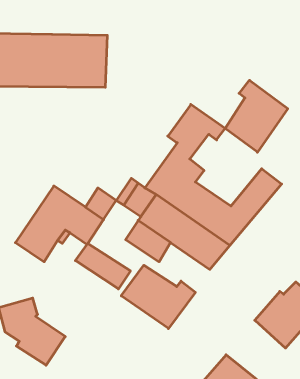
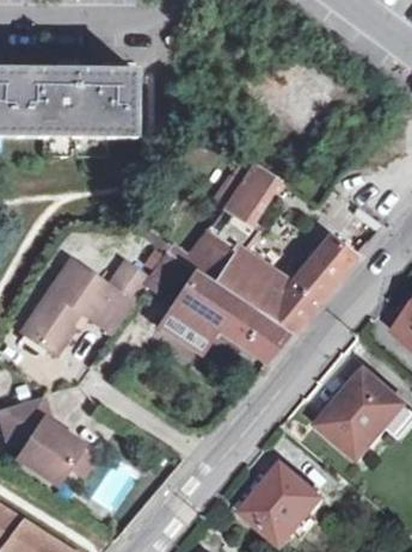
building: [225,80,288,152] -> none
building: [75,244,130,289] -> none
building: [121,265,195,329] -> none

